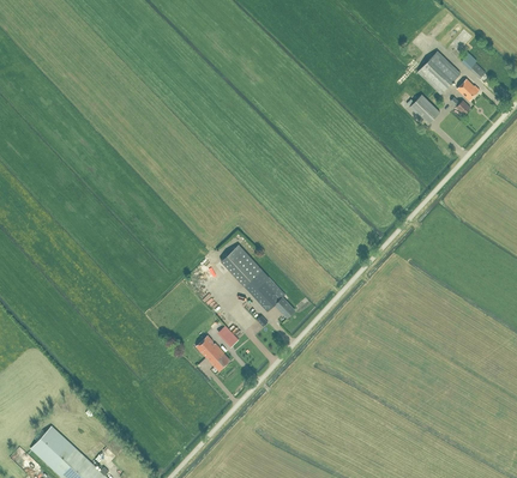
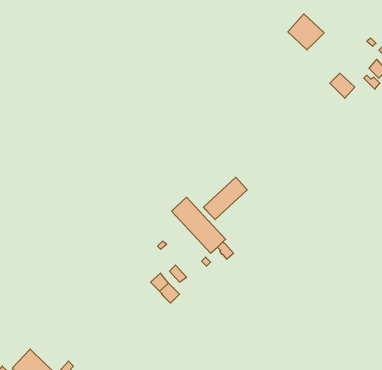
building: [417,52,461,95] -> [288,14,324,50]
building: none -> [204,177,247,220]

